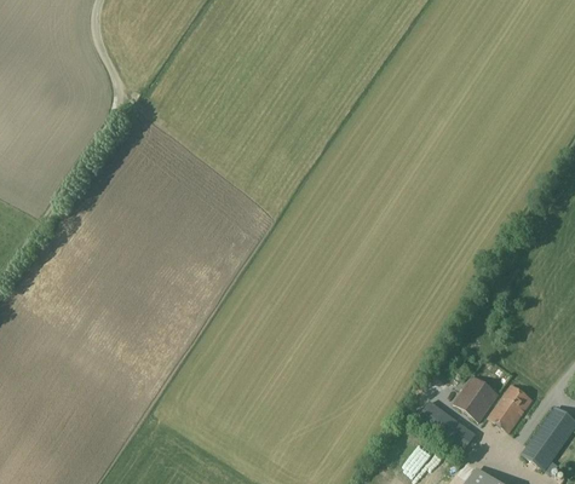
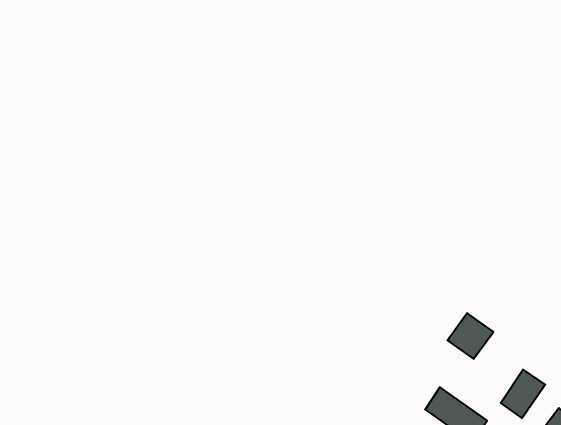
building: [454,375,499,420] -> [447,313,493,359]

